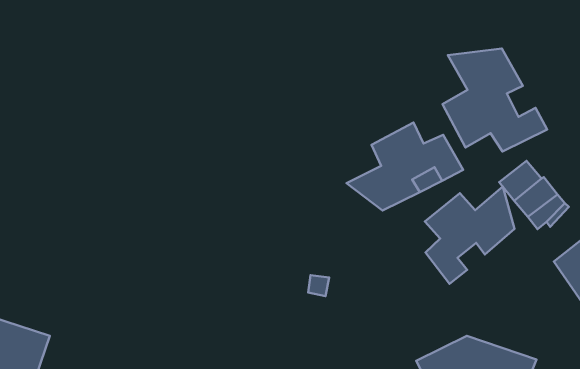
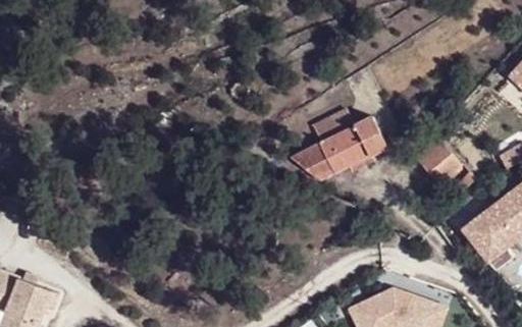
building: [443,49,547,152] -> none
building: [425,186,514,284] -> none

